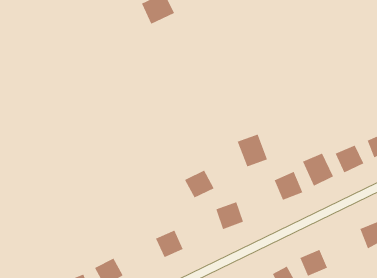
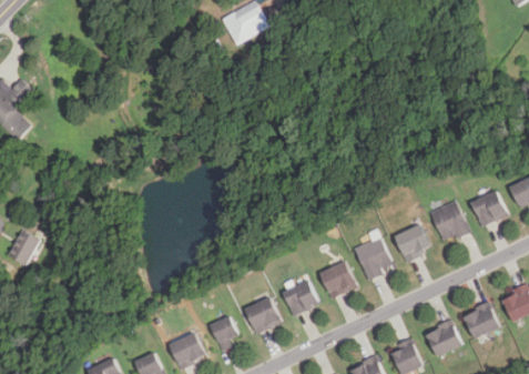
building: [237,134,268,167] -> [354,237,393,280]
building: [184,170,214,198] -> [281,281,318,316]
building: none -> [461,303,498,338]
building: none -> [208,316,236,343]

